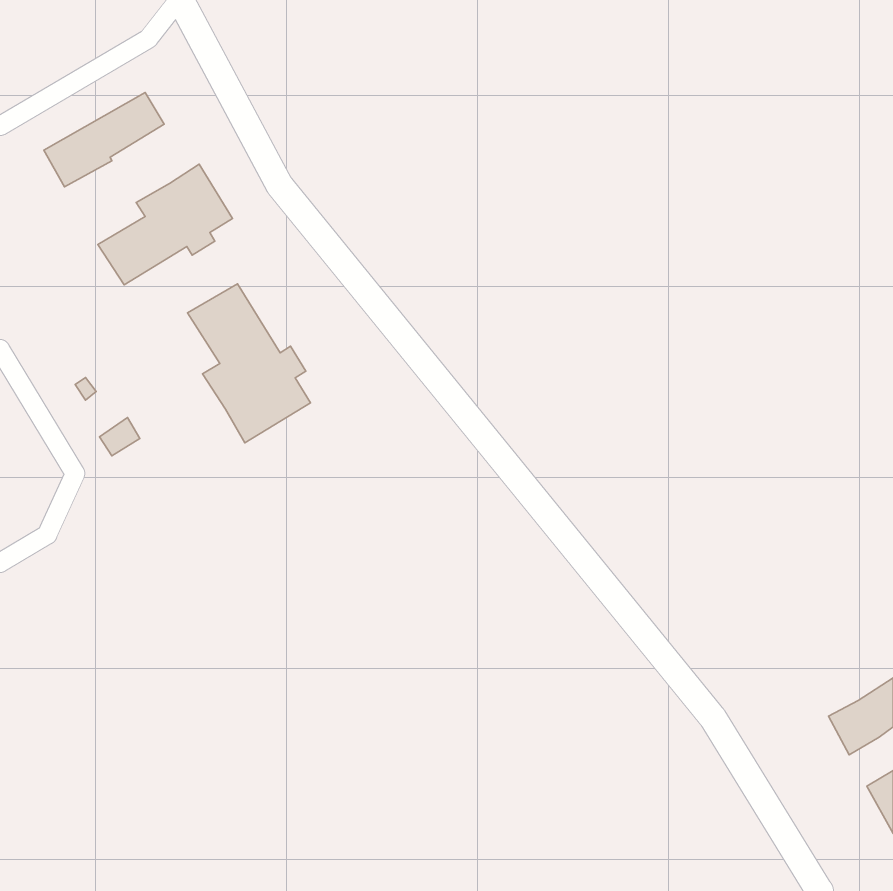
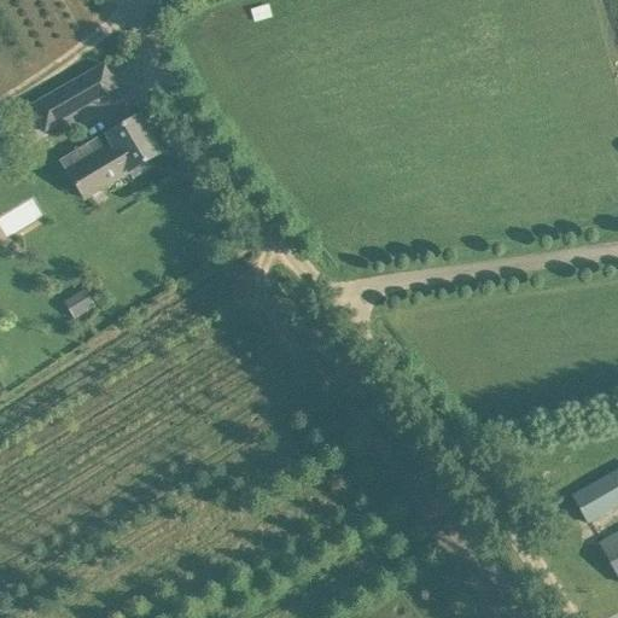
building: [187,284,311,443] -> none

